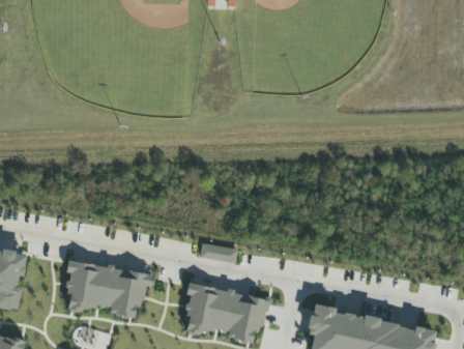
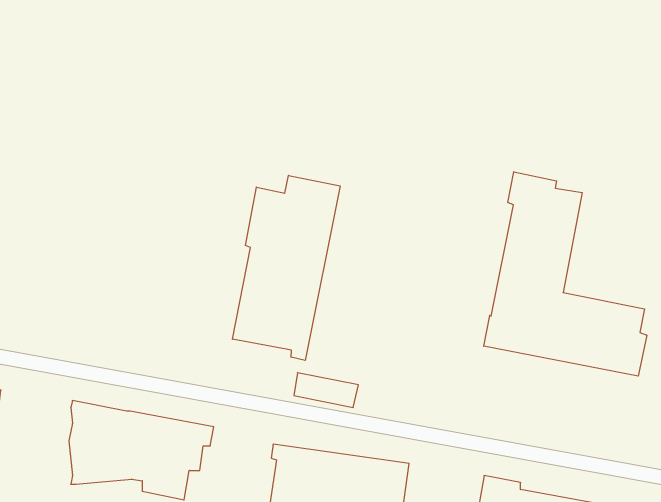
building: none -> [484,172,647,376]
building: none -> [232,175,340,360]

